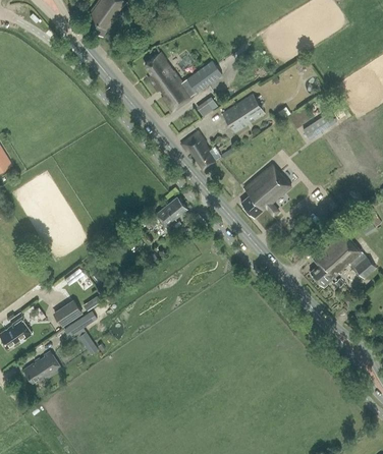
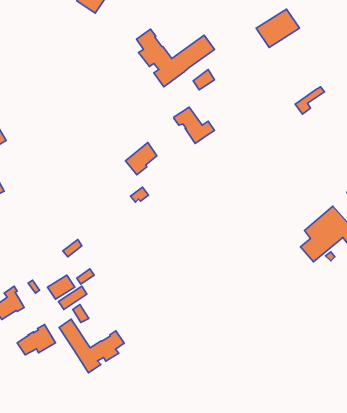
building: [222,94,266,132] -> [256,9,300,47]
building: [241,164,291,218] -> none
building: [155,195,186,228] -> [126,143,157,175]
building: none -> [59,319,124,373]

